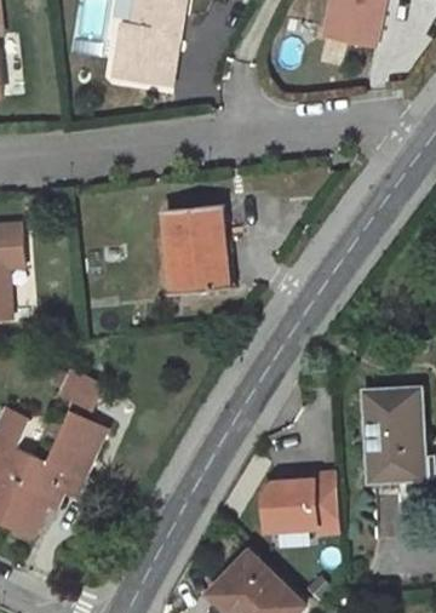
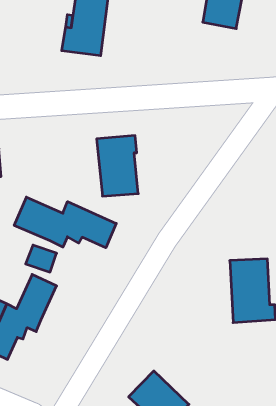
building: none -> [14,197,116,248]
building: [271,472,345,545] -> none

